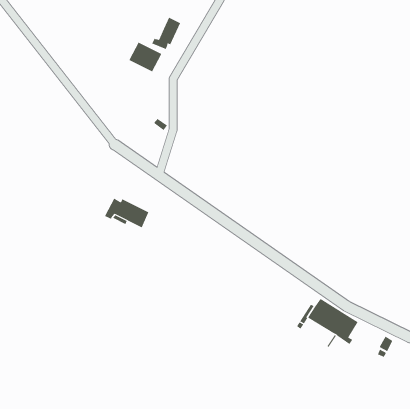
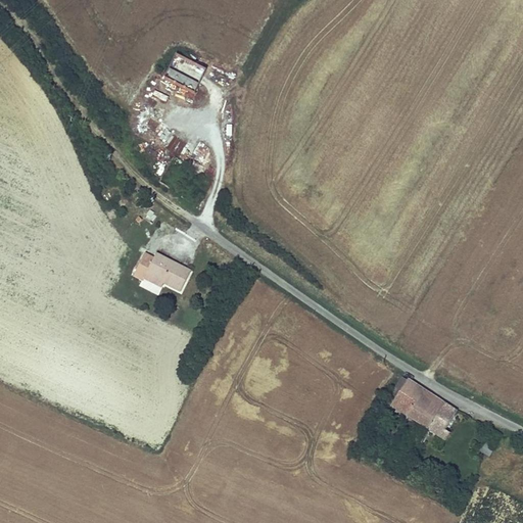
building: [152,17,181,50] -> none

